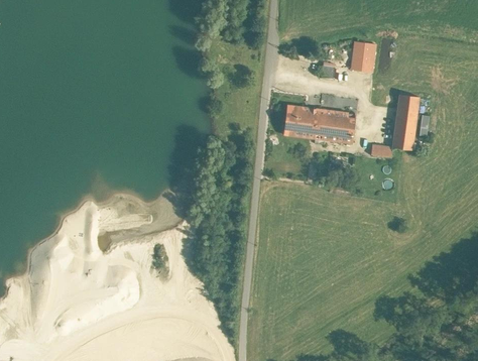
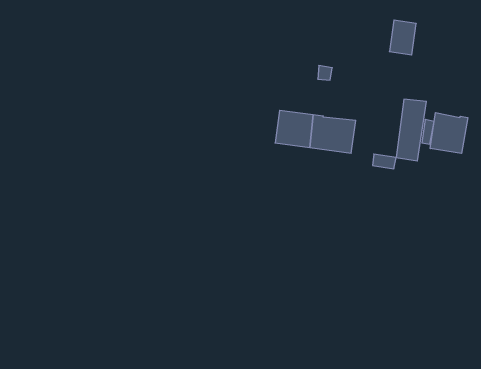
building: [351,41,375,73] -> [389,20,416,55]
building: none -> [430,113,468,153]

